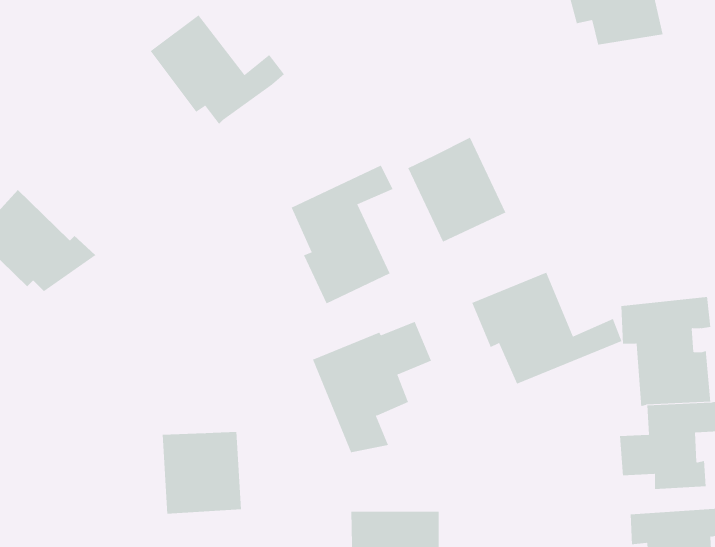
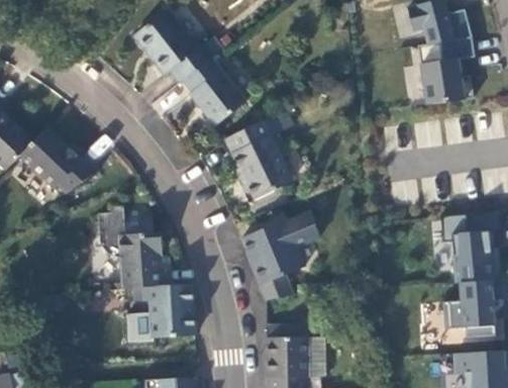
building: none -> [419,25,474,92]
building: none -> [181,59,246,129]
building: [408,137,506,243] -> none
building: [472,272,622,385] -> none
building: none -> [96,207,169,290]

